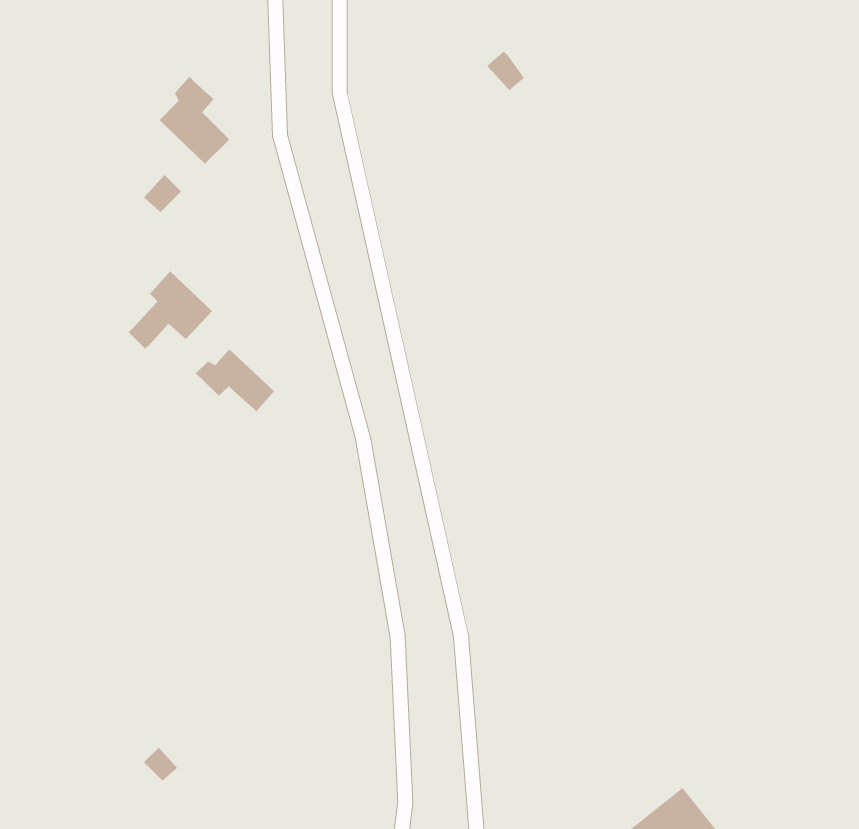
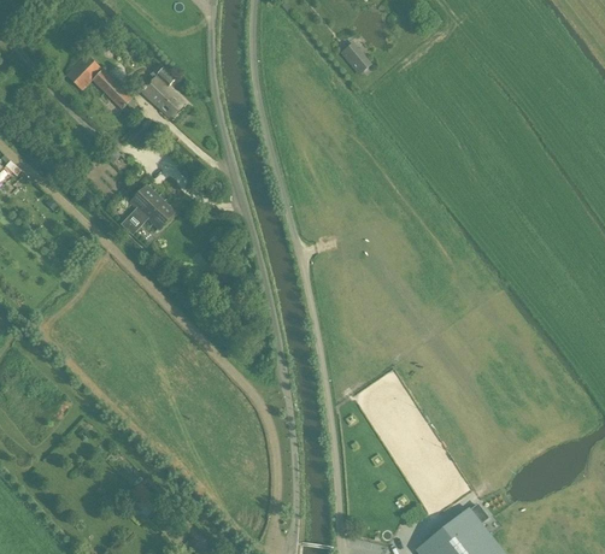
building: none -> [65,52,130,107]
building: [195,349,275,412] -> none

